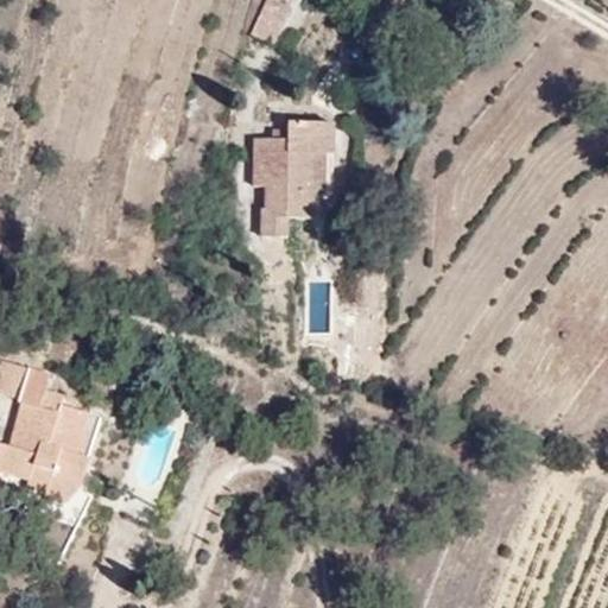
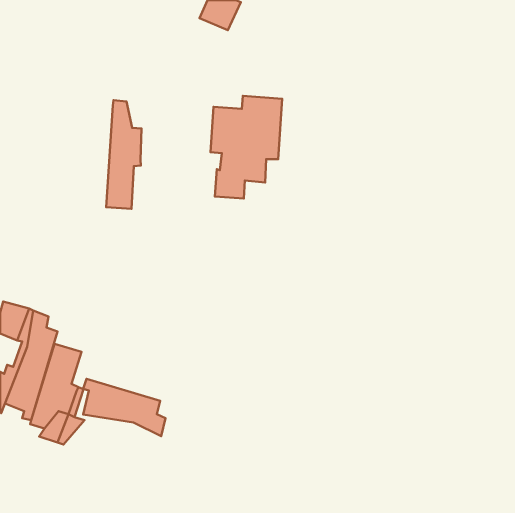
building: none -> [106,100,142,209]
building: none -> [83,379,165,436]

